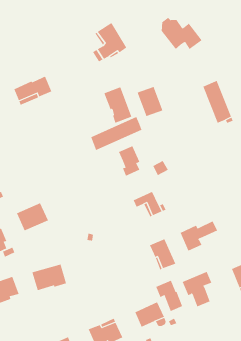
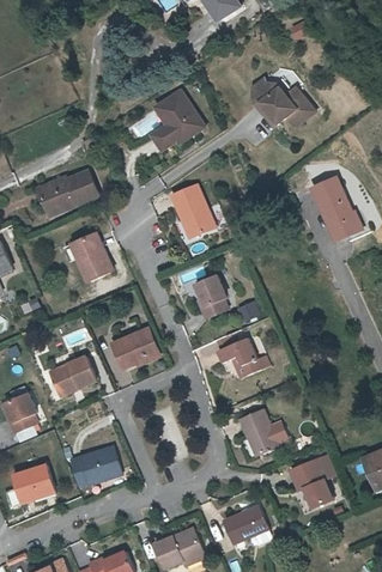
building: [137,86,163,117] -> none
building: [90,116,142,151] -> none
building: none -> [75,231,113,280]
building: none -> [113,329,158,367]
building: [180,220,218,251] -> none
building: [156,280,183,312] -> none

